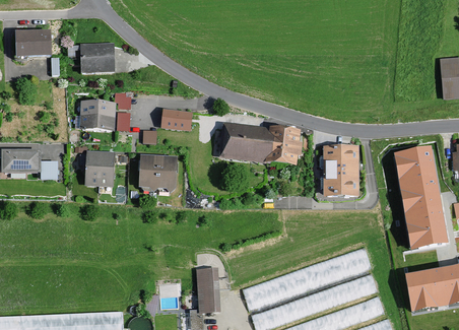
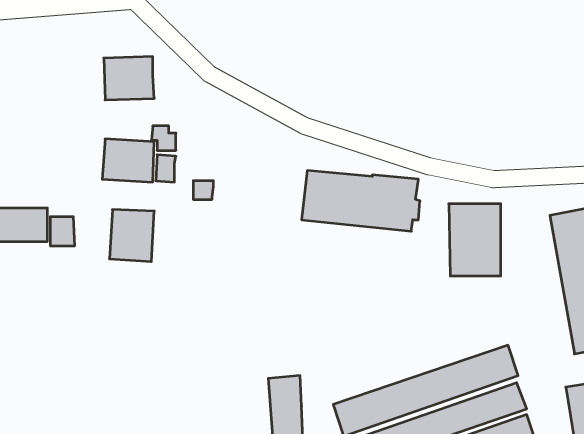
building: [15,29,52,58] -> none
building: [161,108,193,131] -> none
building: [139,154,178,194] -> none

